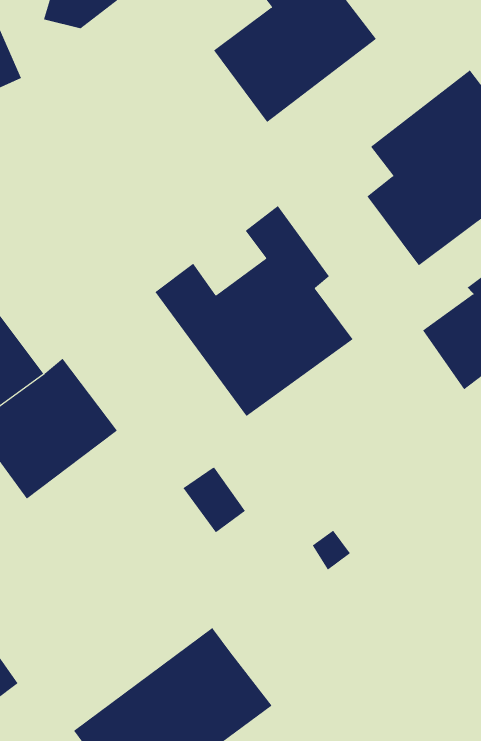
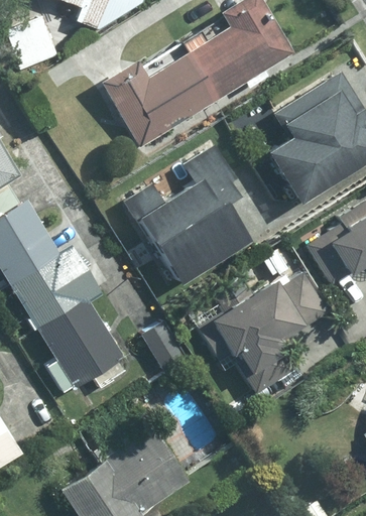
building: none -> [95,48,214,148]
building: none -> [195,271,327,393]
building: none -> [36,301,125,391]

